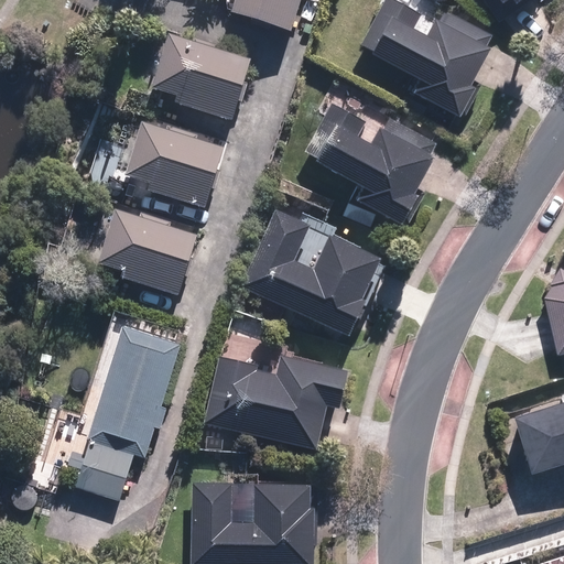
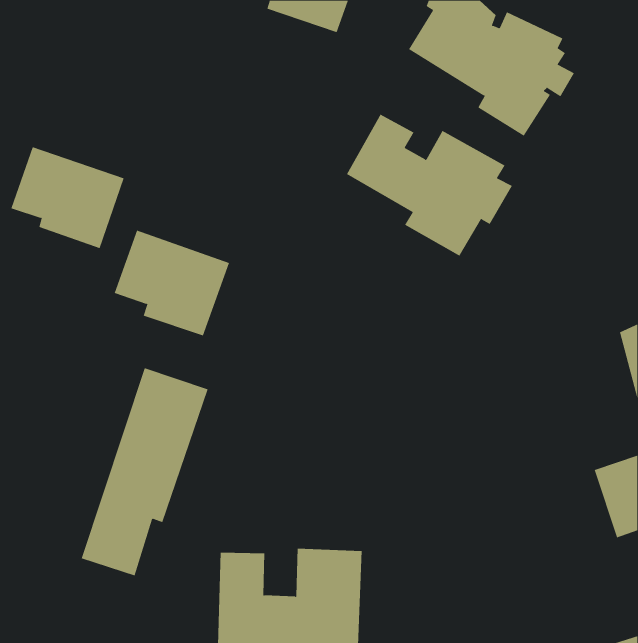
building: [141,35,245,124] -> none
building: [128,119,227,208] -> [11,146,124,249]
building: [245,207,380,333] -> none
building: [203,352,352,448] -> none

